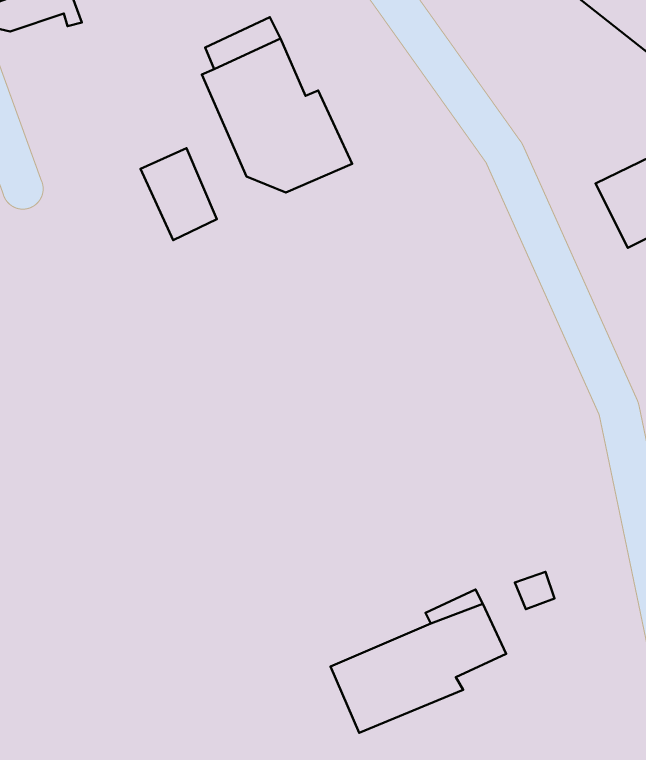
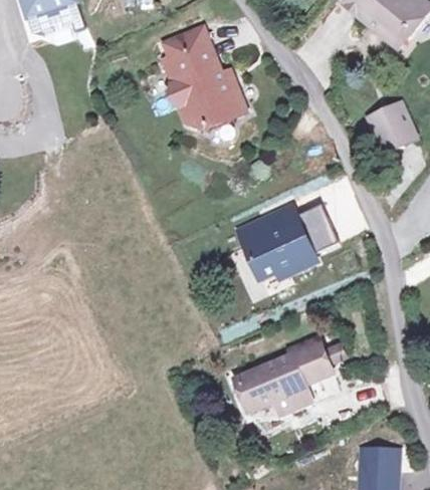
building: [141,148,217,240] -> none
building: none -> [236,198,346,284]

